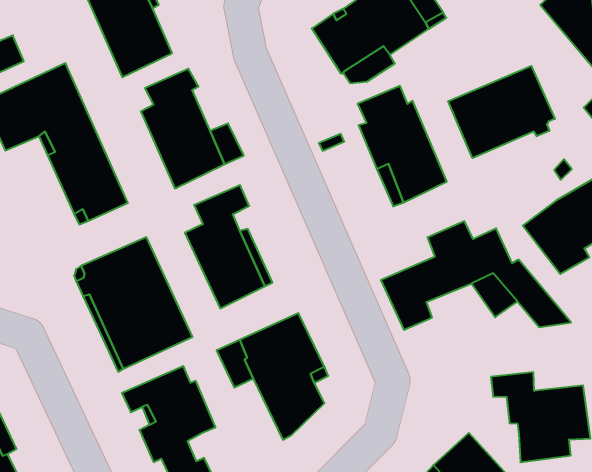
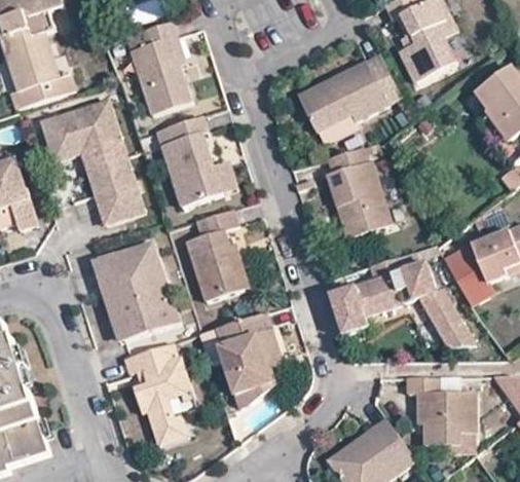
building: [448,66,555,158] -> none

